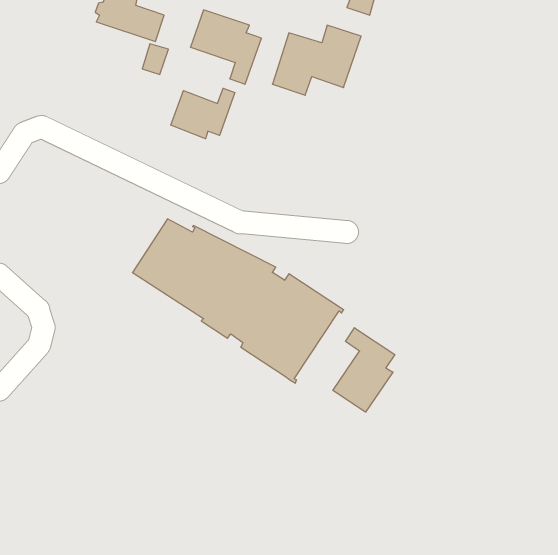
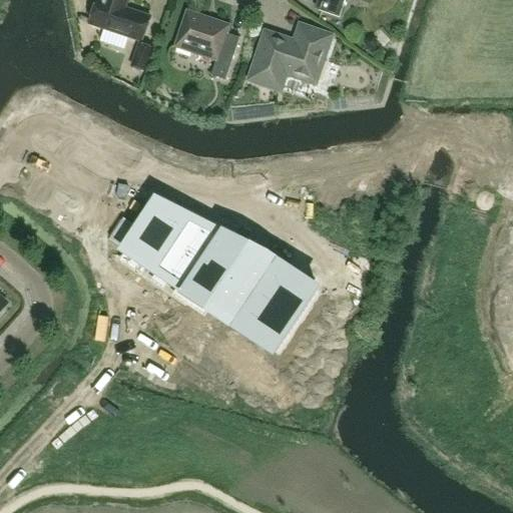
building: [171,88,235,139] -> none
building: [333,328,395,412] -> none

